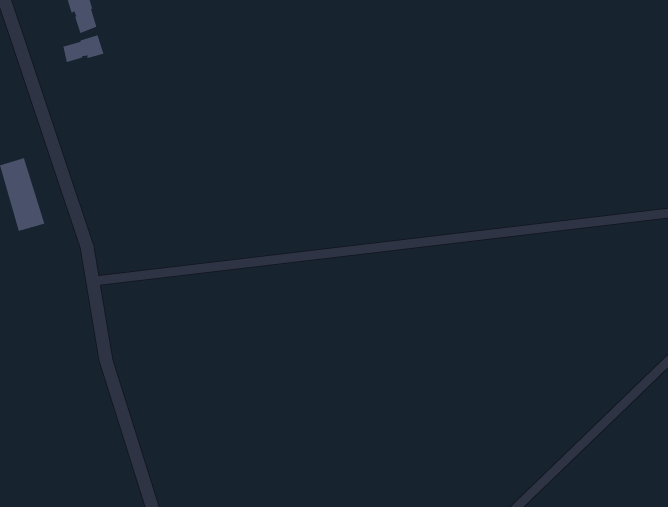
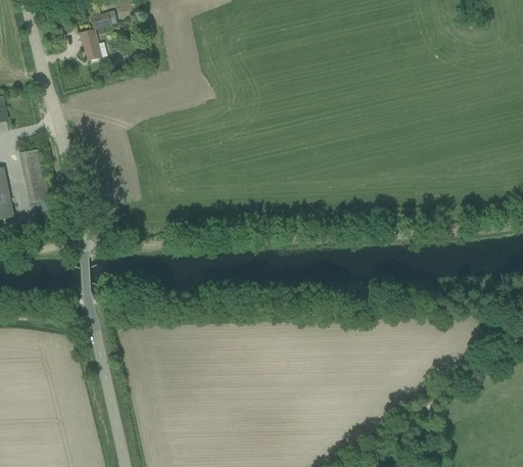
building: [63,35,104,63] -> none

